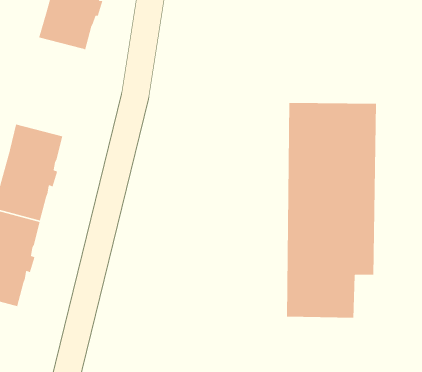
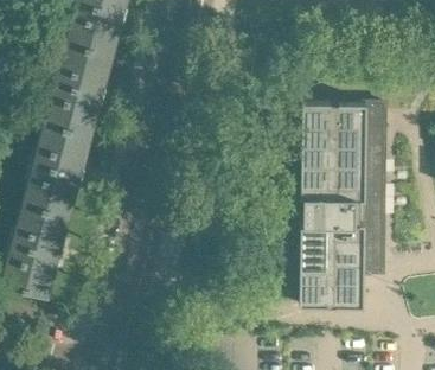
building: none -> [45,42,111,134]

